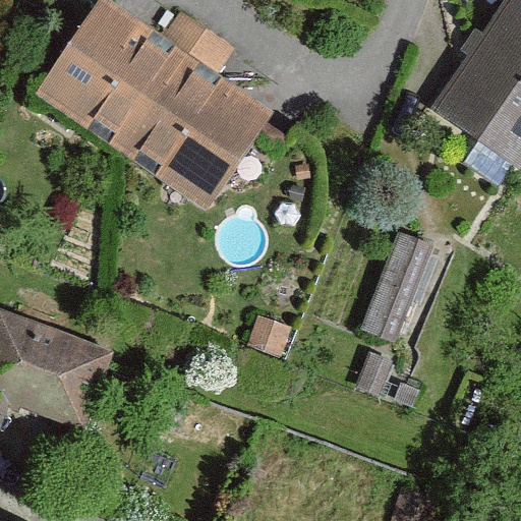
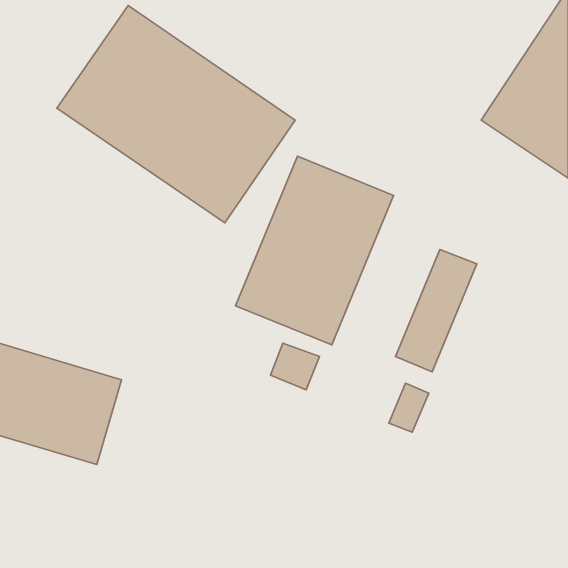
building: none -> [235,156,393,345]

